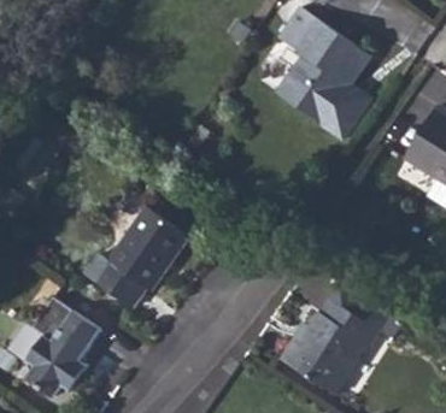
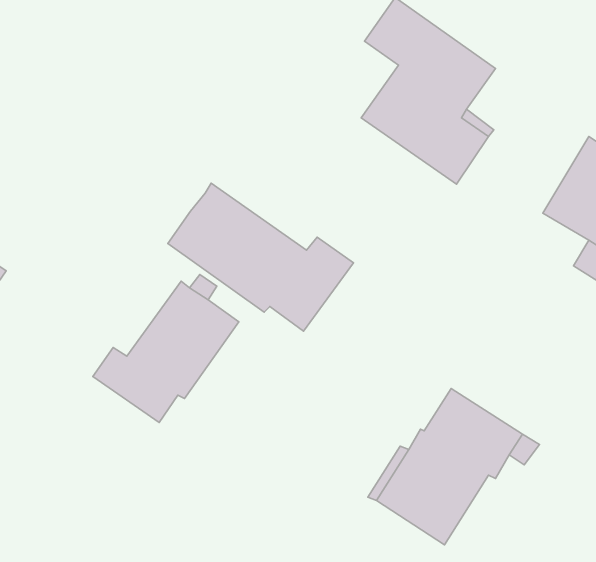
building: none -> [168,183,353,331]
building: [24,297,100,399] -> none

